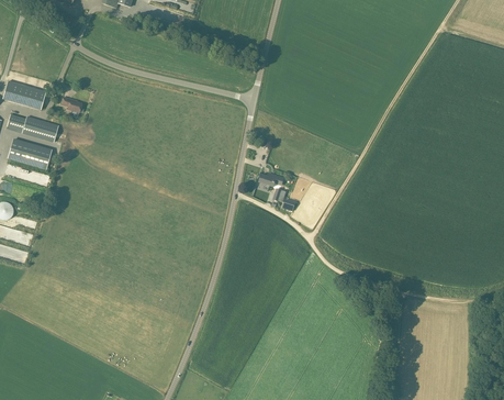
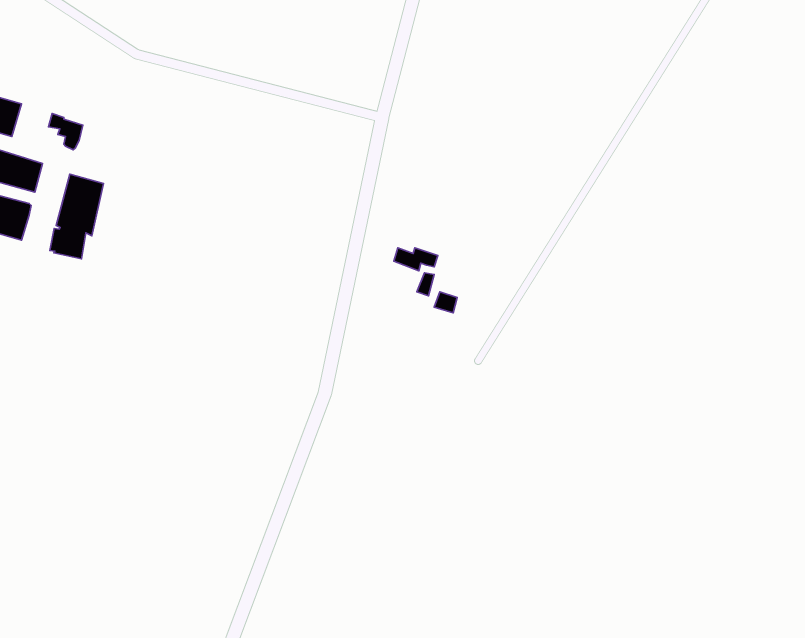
building: none -> [50,174,104,259]

